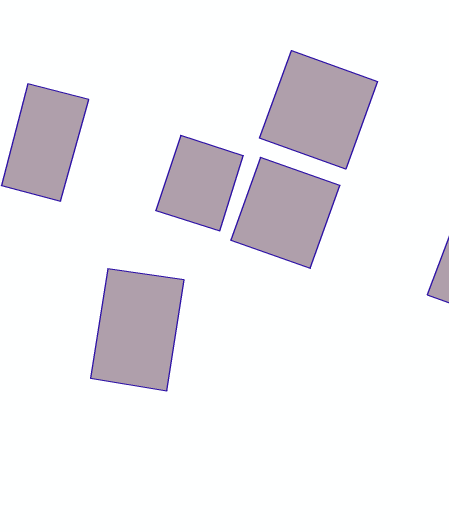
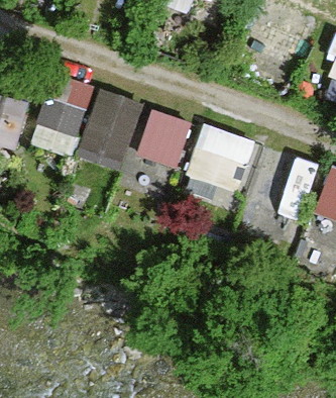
building: [260,51,378,169] -> none
building: [91,269,184,391] -> [80,89,140,168]

